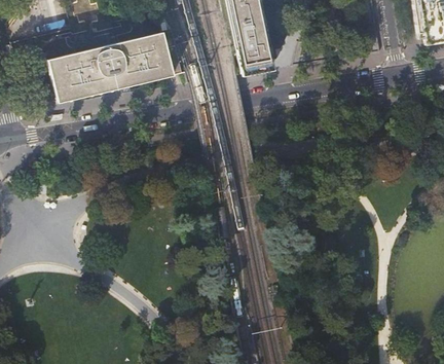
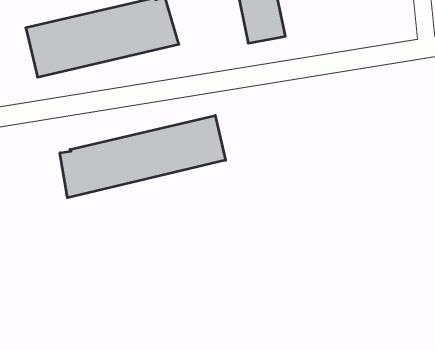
building: none -> [60,115,226,198]

